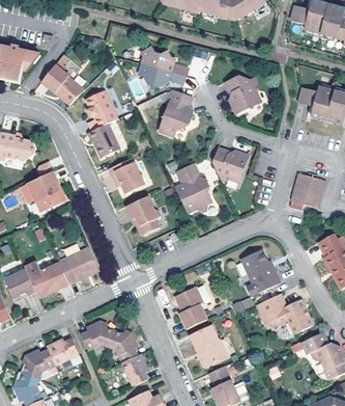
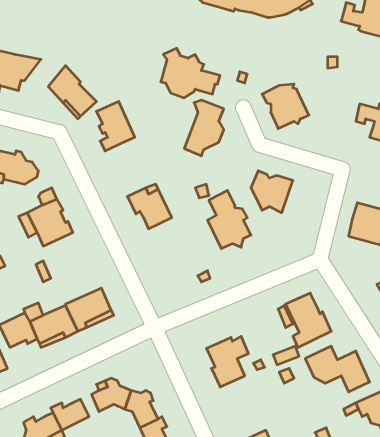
building: [86,124,119,158] -> none
building: [127,197,161,236] -> none
building: [193,326,229,366] -> none

